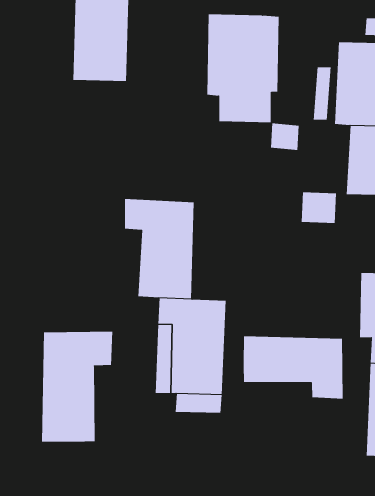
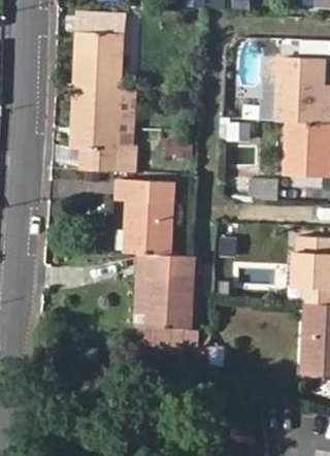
building: [207,14,280,123] -> [73,87,130,171]
building: [41,331,113,442] -> none
building: [243,336,343,399] -> none

